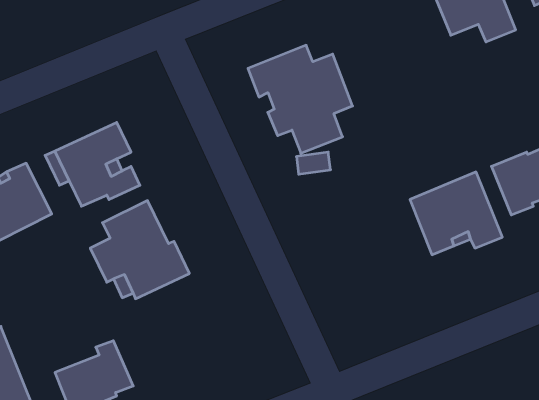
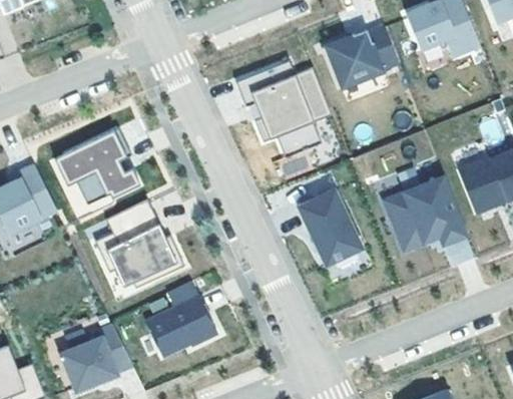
building: none -> [326,24,400,83]
building: none -> [297,189,360,267]
building: none -> [145,281,217,356]

